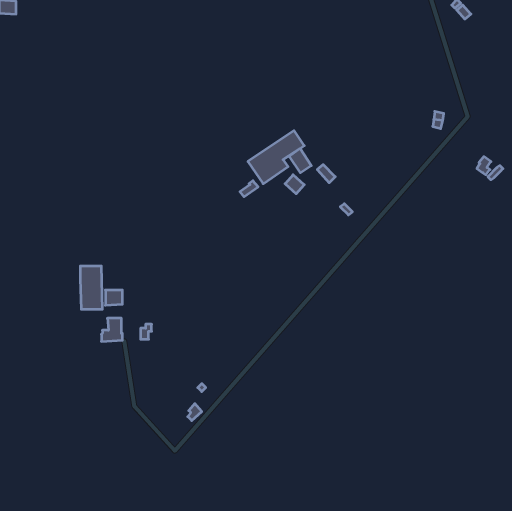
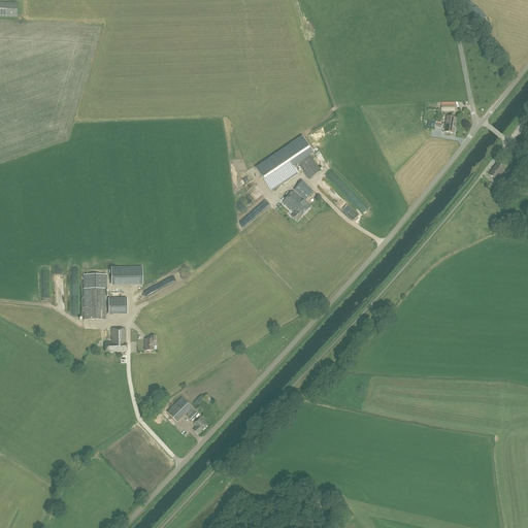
building: none -> [283,190,310,220]
building: none -> [109,266,141,284]
building: none -> [167,396,198,421]

